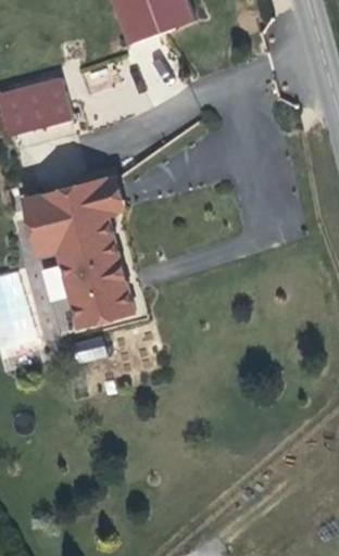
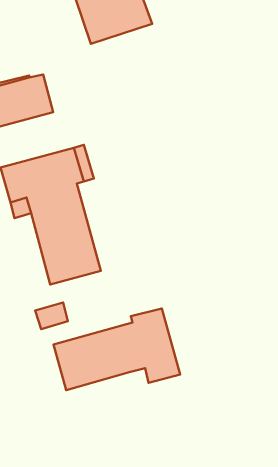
building: none -> [53,308,180,390]

